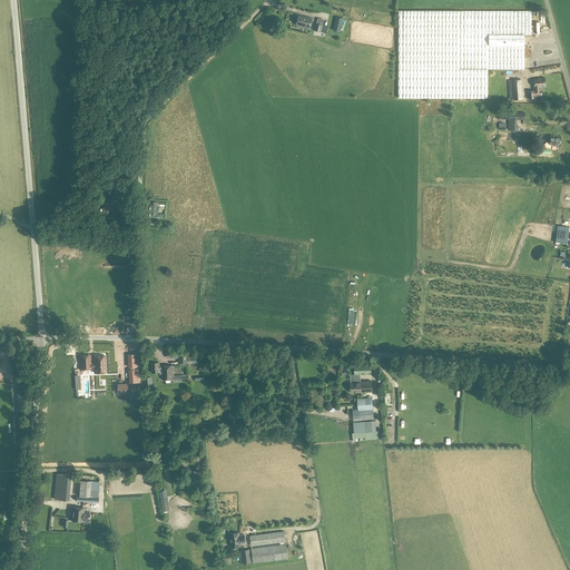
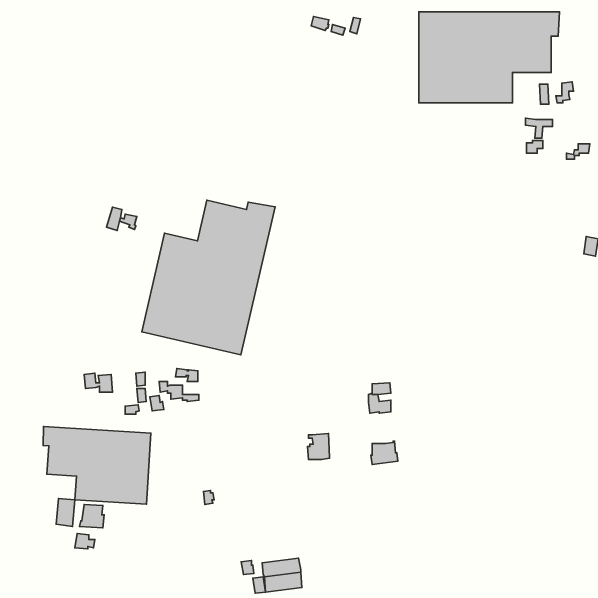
building: none -> [142,200,275,355]
building: [353,397,374,422] -> [307,434,330,459]
building: none -> [43,426,151,504]

